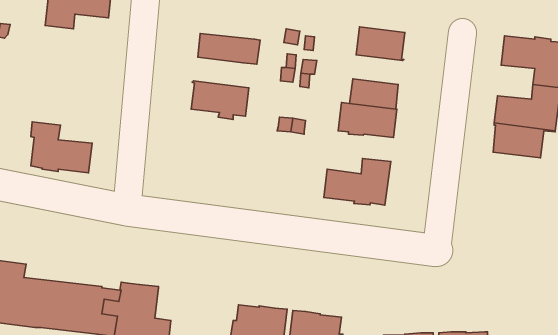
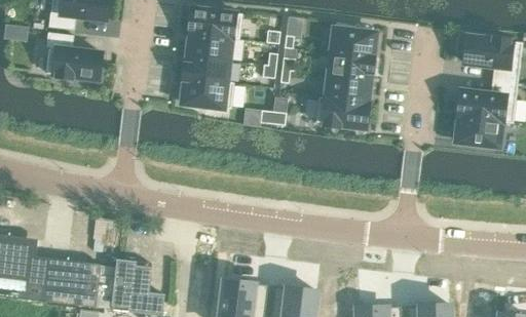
building: none -> [188,7,241,38]
building: none -> [328,52,373,79]
building: none -> [183,54,233,82]
building: [31,122,92,173] -> [46,32,102,78]
building: [324,158,391,205] -> none

